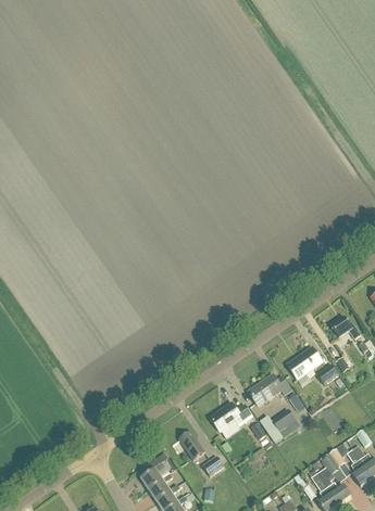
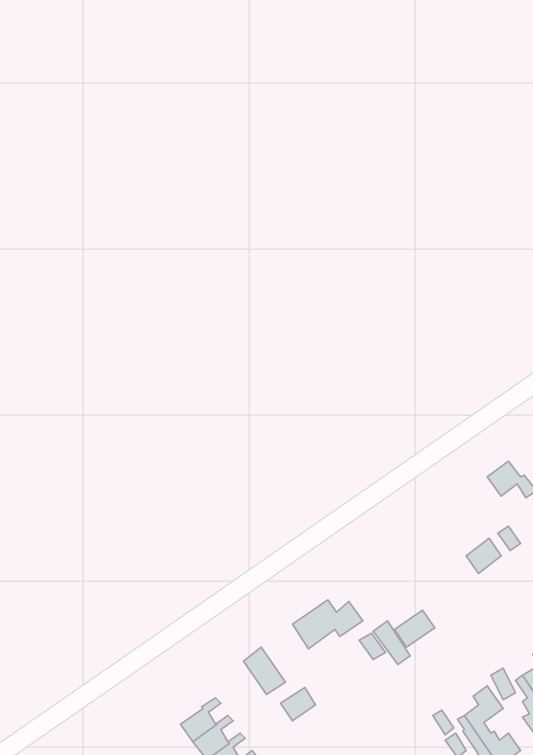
building: [288,345,322,378] -> none
building: [247,372,290,405] -> none

